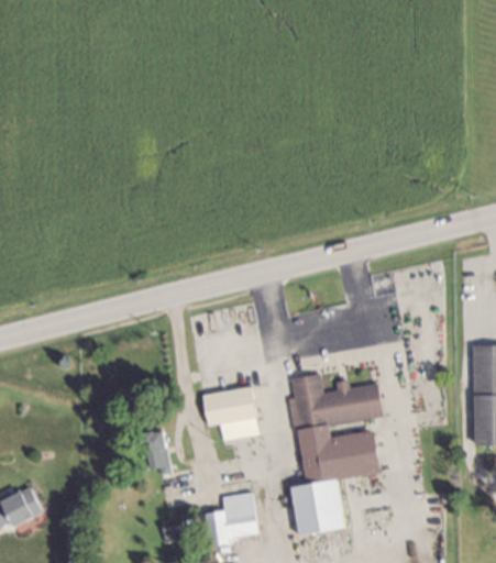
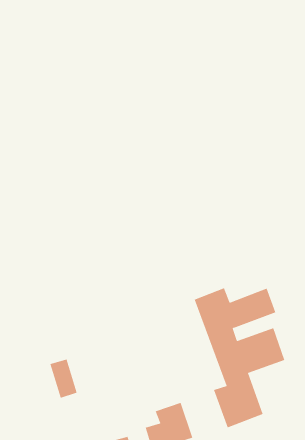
building: [201,387,257,440] -> none
building: [144,433,170,477] -> [50,359,78,399]

